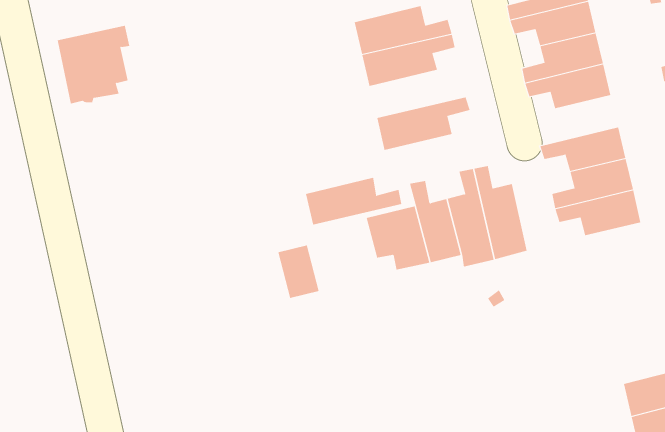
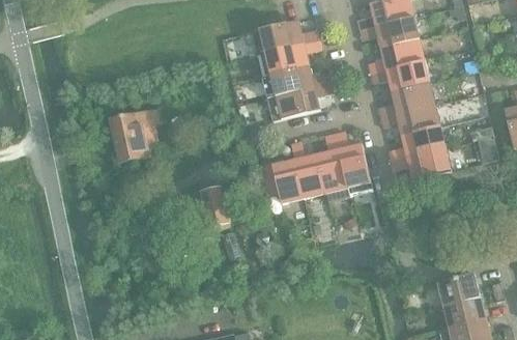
building: [57,25,130,104] -> [109,108,160,163]
building: none -> [378,82,435,117]
building: [305,177,402,225] -> [262,64,329,97]

